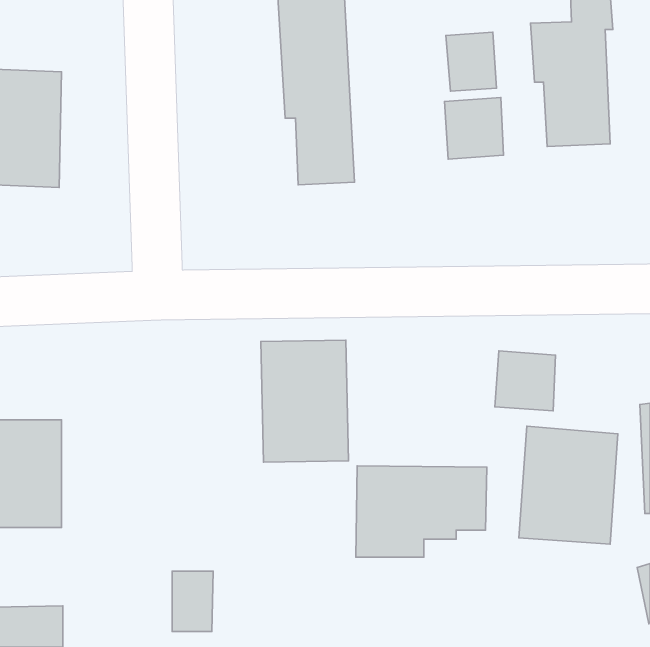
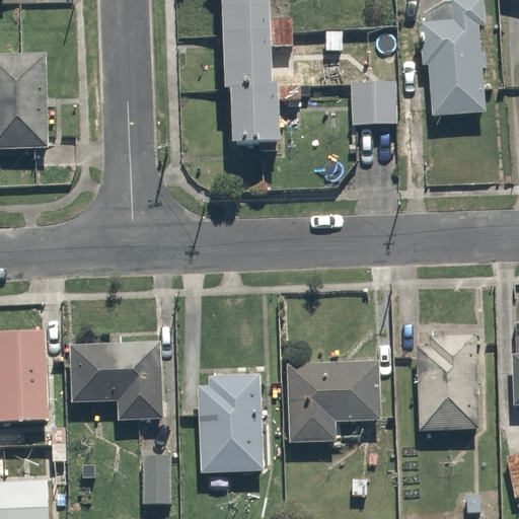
building: [446,32,496,91] -> none
building: [261,340,348,462] -> [194,378,263,474]
building: [495,351,556,411] -> none
building: none -> [70,344,160,417]

